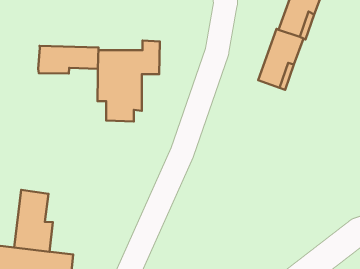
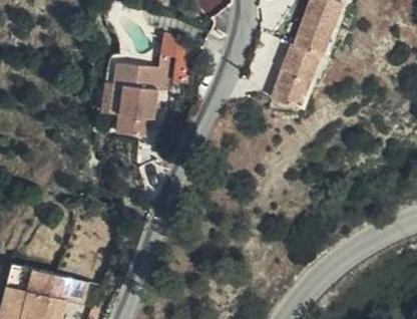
building: [38,46,98,74] -> none
building: [14,190,53,252] -> none

